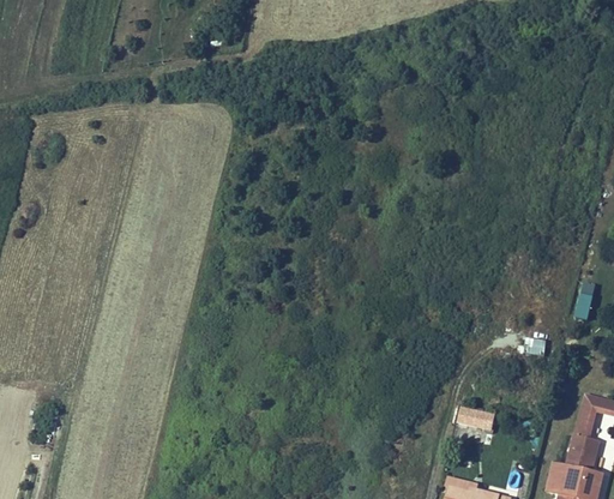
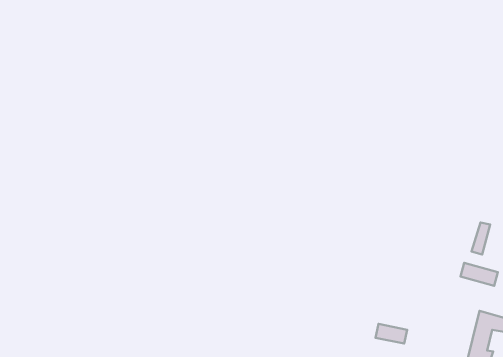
building: none -> [461,263,498,286]

